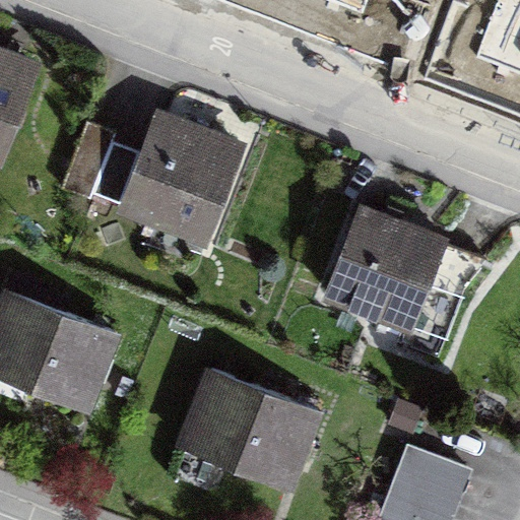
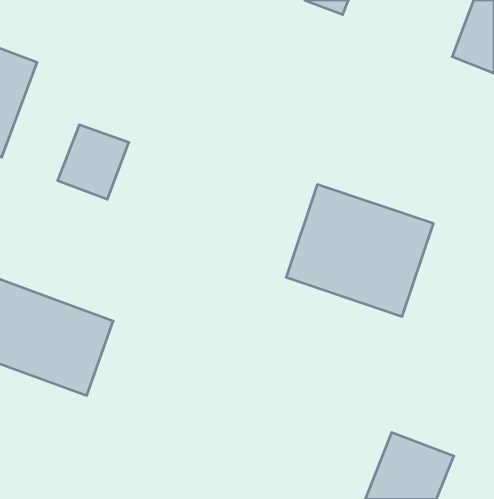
building: [120,113,255,252] -> none
building: [180,369,324,490] -> none

